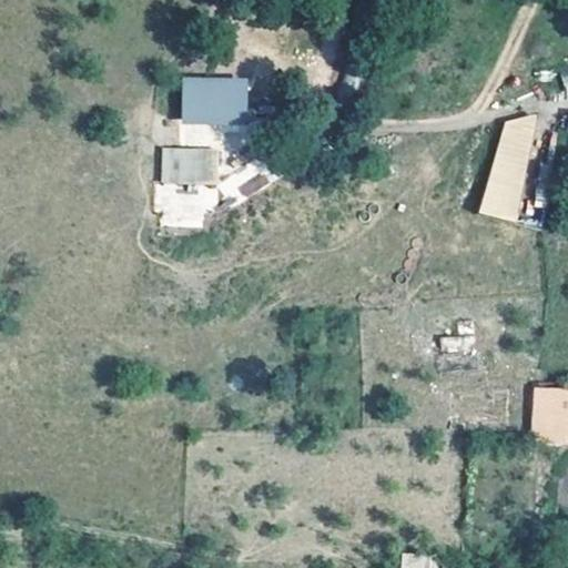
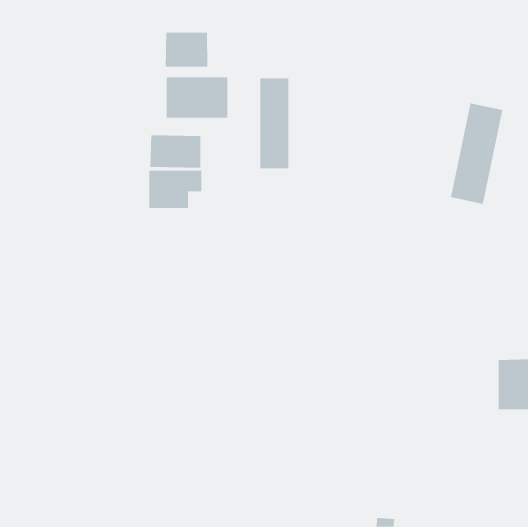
building: none -> [165,32,208,68]
building: none -> [260,78,289,169]

